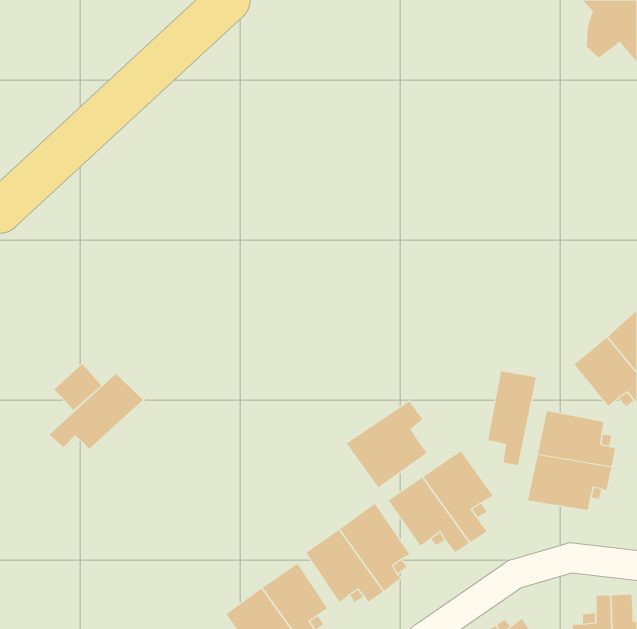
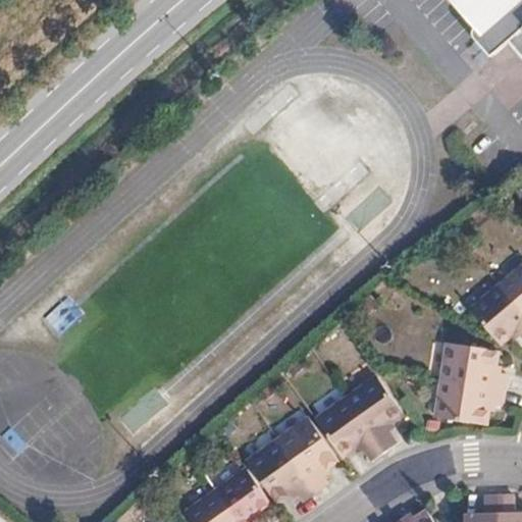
building: [487,370,537,466] -> none
building: [49,373,144,450] -> none
building: [346,400,427,488] -> none

